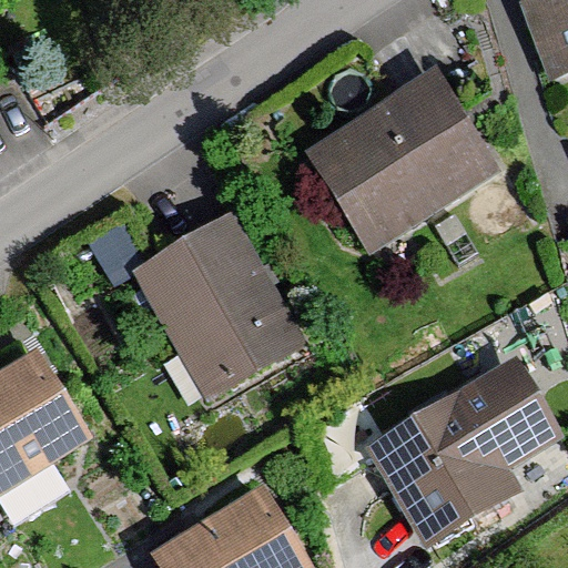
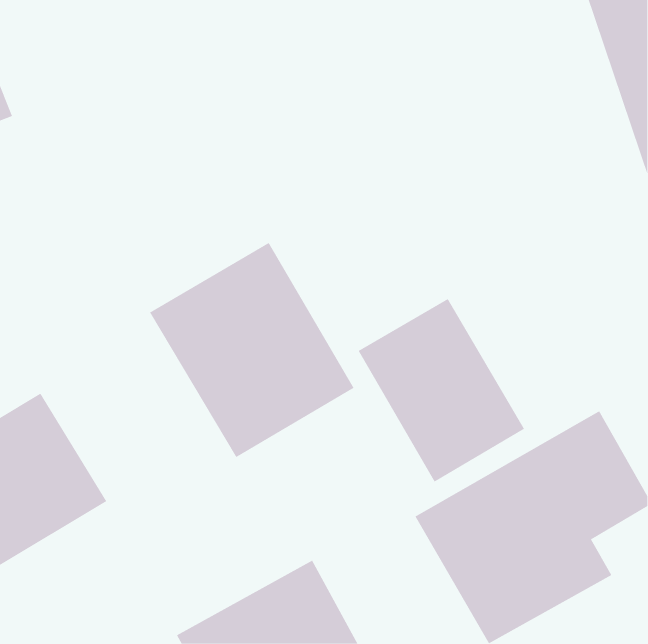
building: [301,68,496,251] -> none
building: none -> [358,298,525,483]

